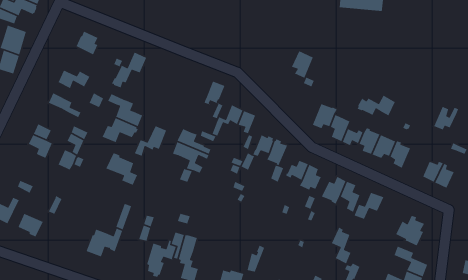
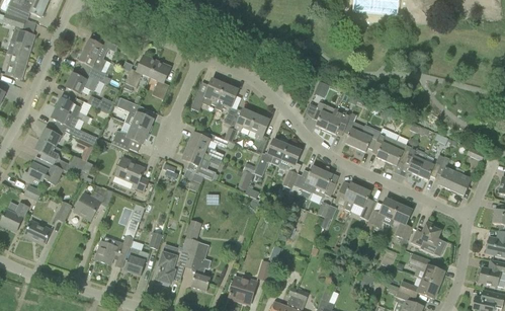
building: none -> [78,50,106,81]
building: [291,50,314,79] -> [311,100,334,130]
building: none -> [150,61,170,99]
building: [357,95,396,117] -> none
building: none -> [51,107,77,135]
building: [433,106,459,131] -> [417,153,443,178]
building: [134,125,167,157] -> [190,79,224,111]
building: none -> [21,161,63,184]
building: none -> [73,184,113,220]
building: [331,227,352,264] -> [392,201,413,239]
building: none -> [124,246,149,274]

